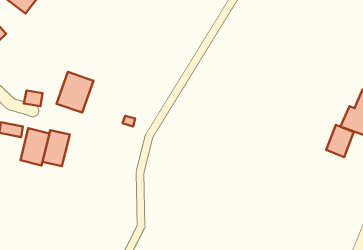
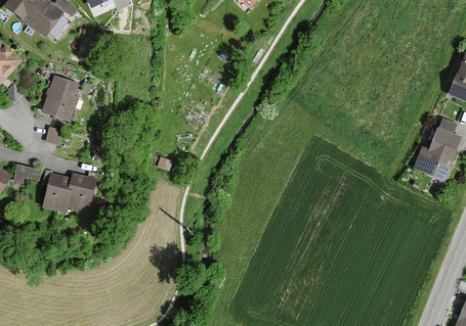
building: [56,72,93,113] -> [41,75,84,122]
building: [326,125,354,157] -> none

